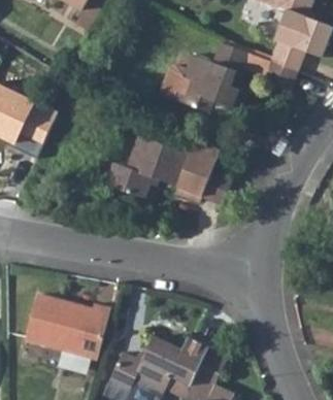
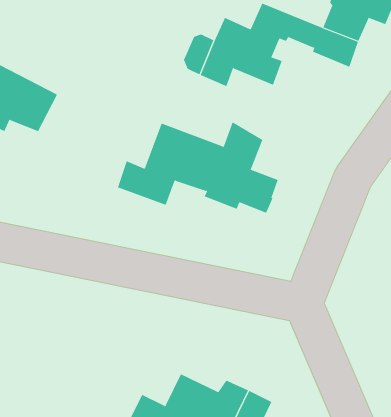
building: [27,296,110,360] -> none

